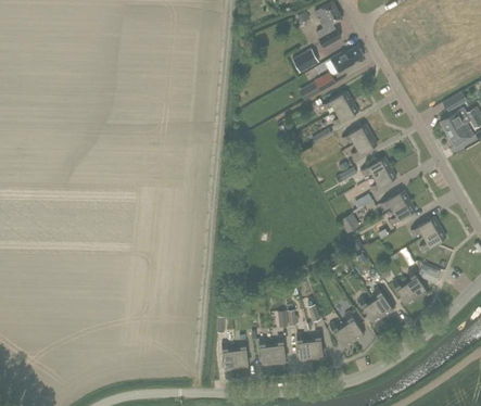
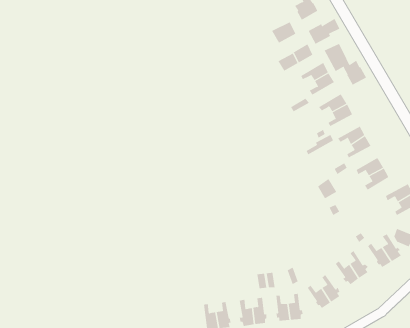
building: none -> [324,43,367,86]

